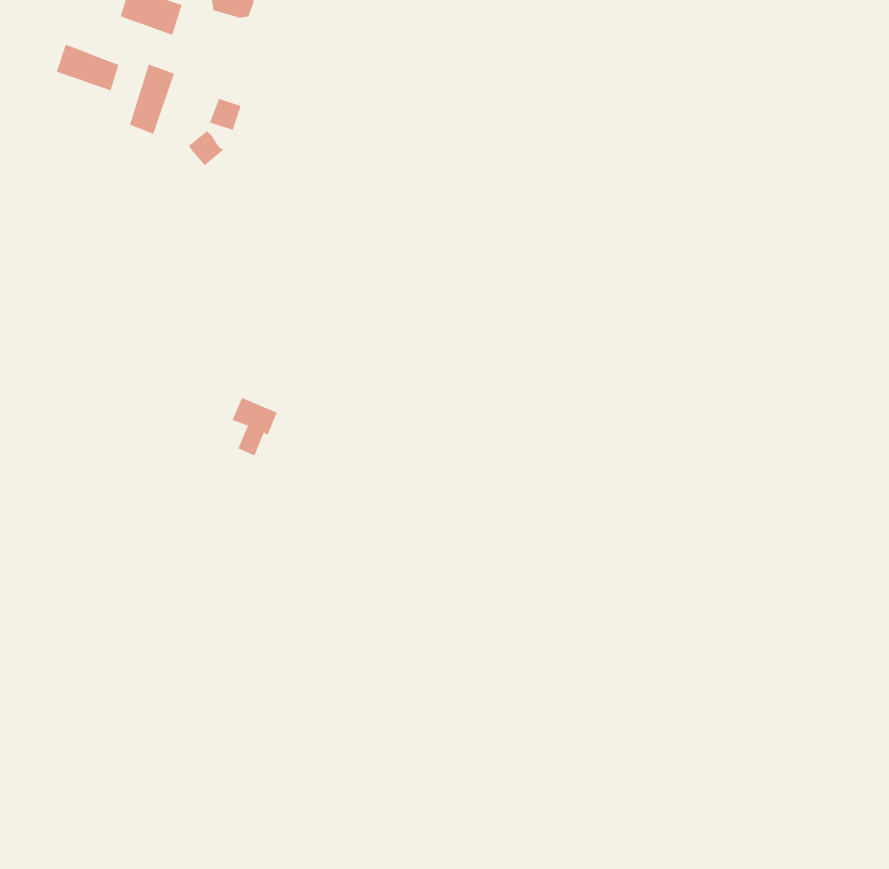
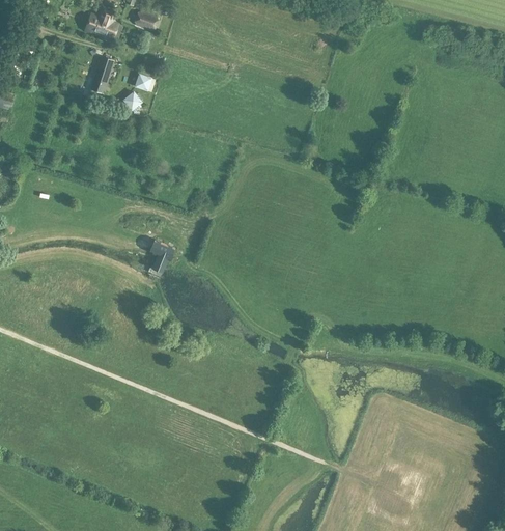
building: [56,44,119,91] -> none

